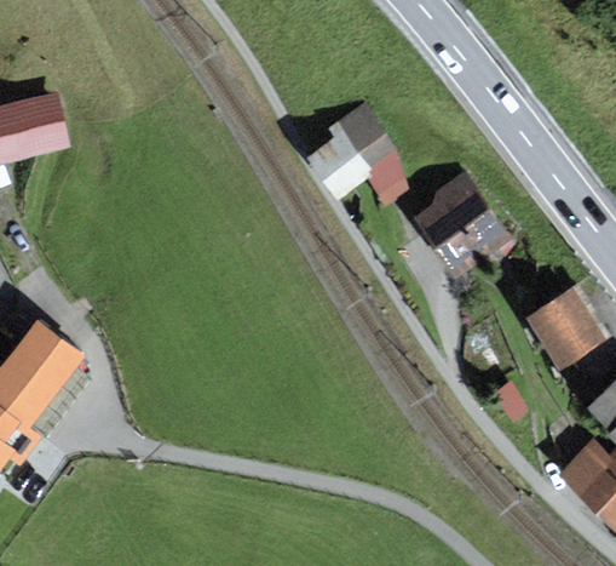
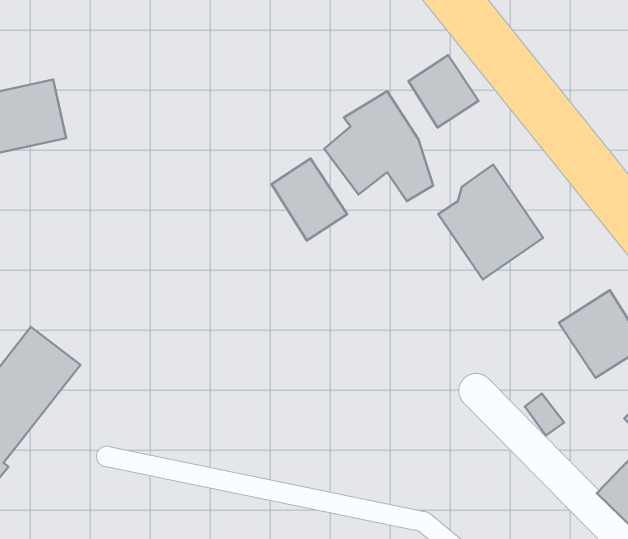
building: none -> [408,55,478,128]
building: none -> [272,158,347,240]

